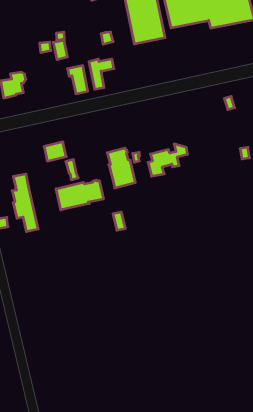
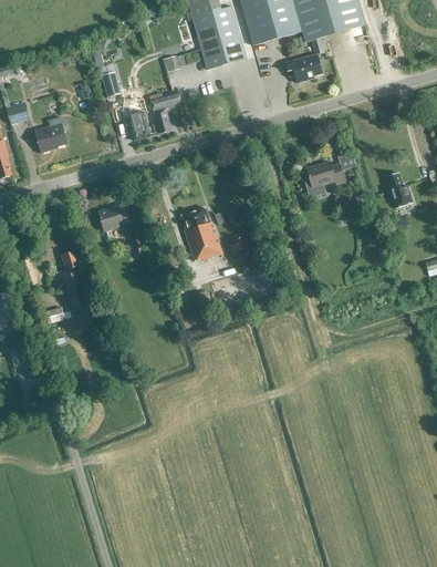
building: none -> [285,53,322,82]
building: [148,144,188,176] -> [304,153,355,197]
building: [56,180,103,210] -> none

